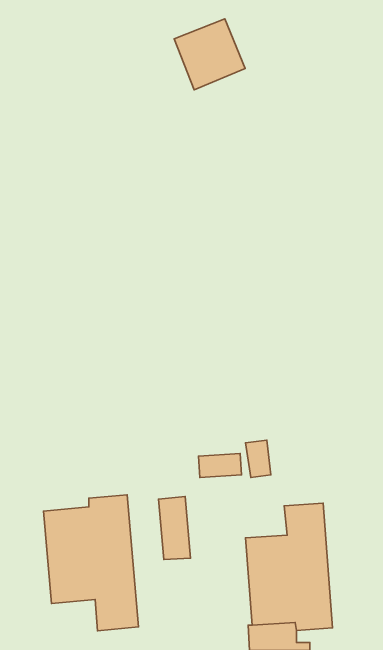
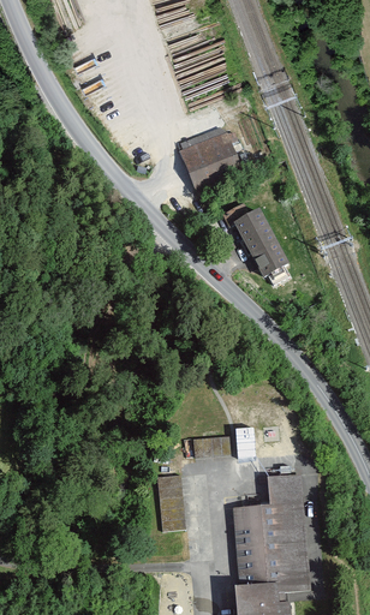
building: [174,19,245,90] -> [180,129,244,192]
building: none -> [234,214,288,280]
building: [44,495,139,631] -> none

